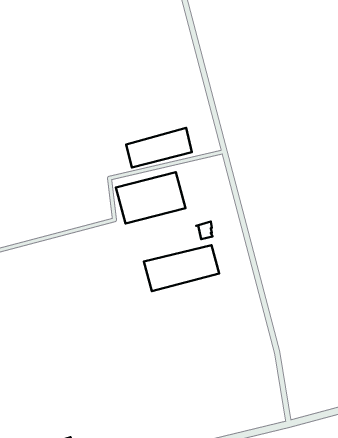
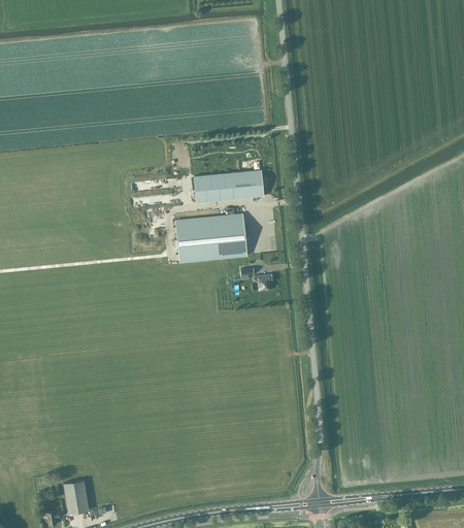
building: [144,245,219,291] -> none

